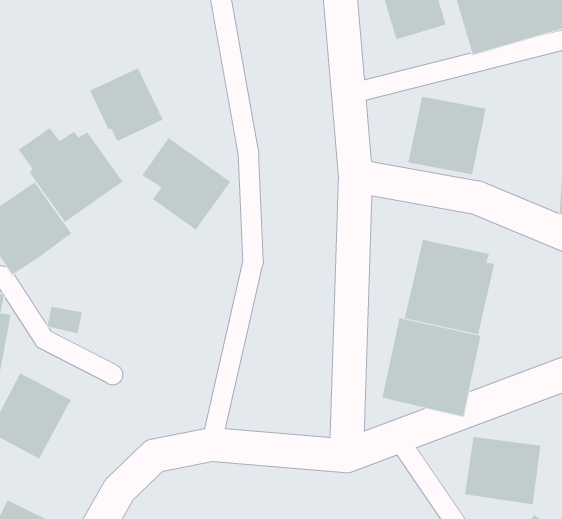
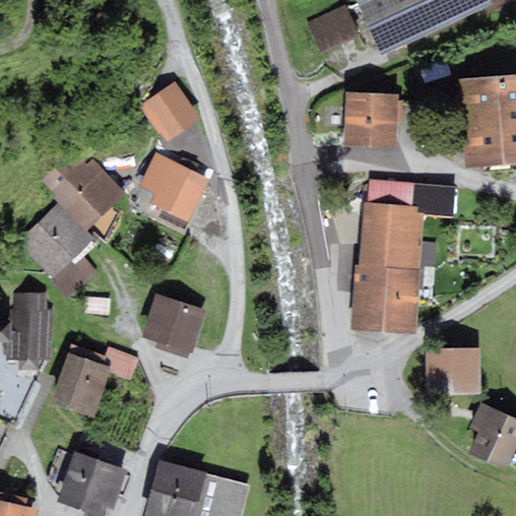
building: [89,68,164,142] -> [139,82,200,142]
building: none -> [368,180,457,218]
building: none -> [51,257,96,297]
building: none -> [142,295,206,359]
building: none -> [68,343,138,379]

